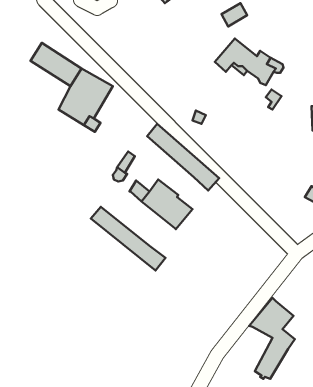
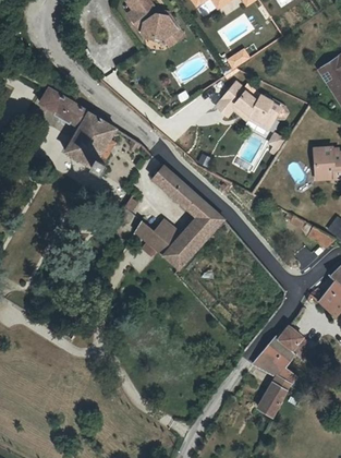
building: none -> [182,217,212,249]
building: [91,207,165,271] -> none
building: none -> [279,327,307,357]

